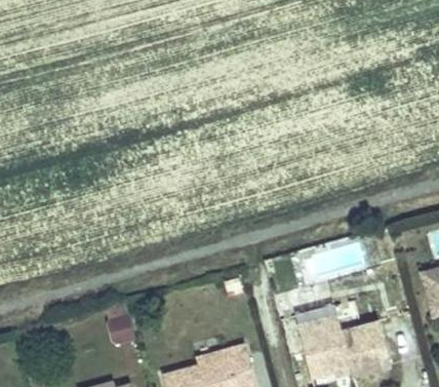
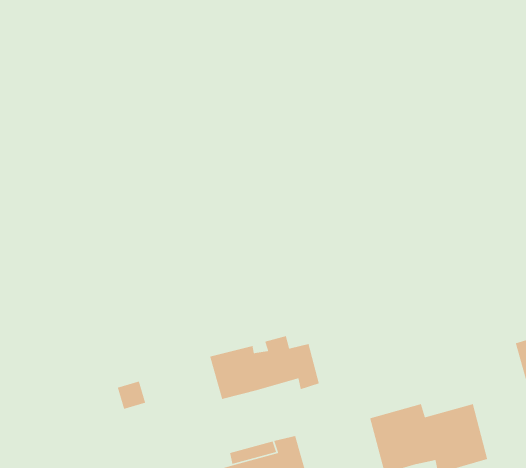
building: none -> [209,335,320,400]

